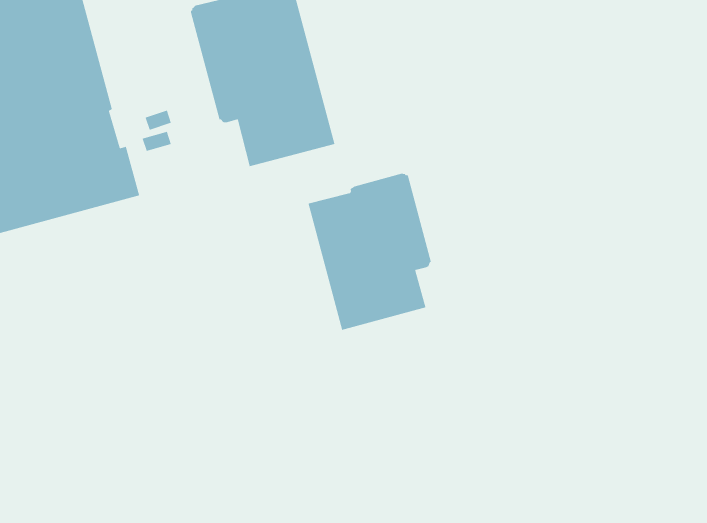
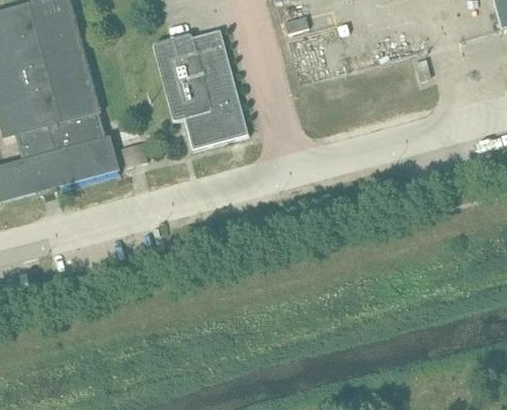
building: [307,173,432,331] -> none

